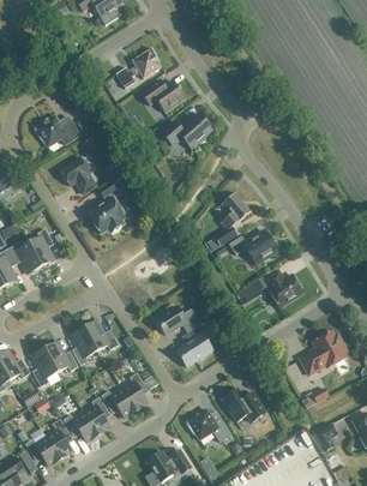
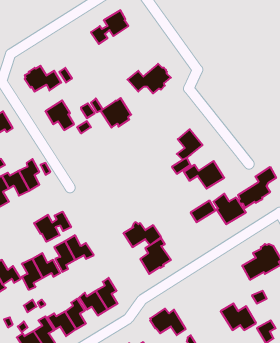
building: [140,79,185,113] -> none
building: [88,197,125,233] -> [101,98,131,128]
building: none -> [238,167,276,208]
building: none -> [34,212,71,242]
building: [222,389,265,421] -> [221,303,256,330]

